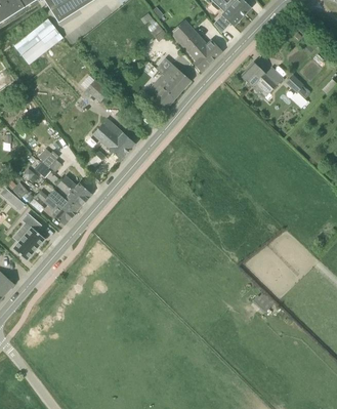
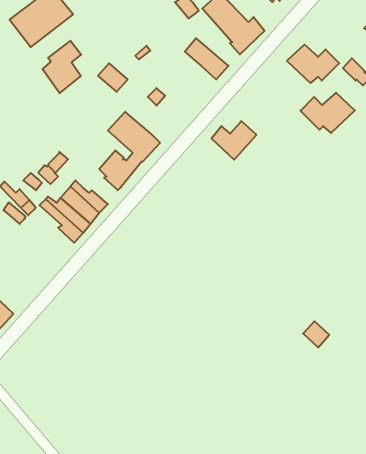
building: none -> [43,41,81,93]
building: [143,79,180,111] -> [212,121,256,160]
building: none -> [300,93,355,133]
building: [11,212,44,259] -> none

